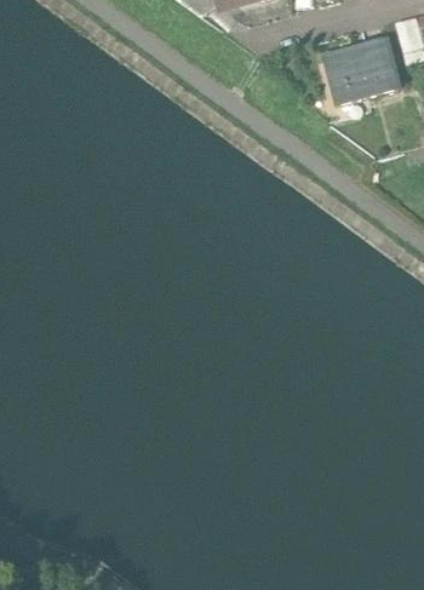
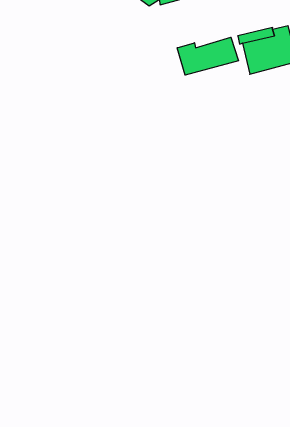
building: none -> [177,37,238,75]

